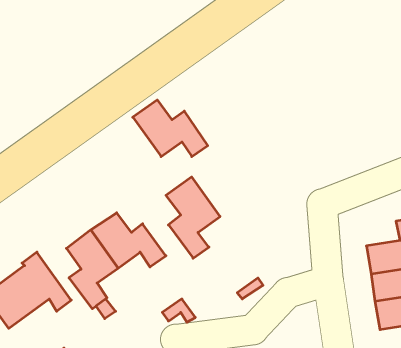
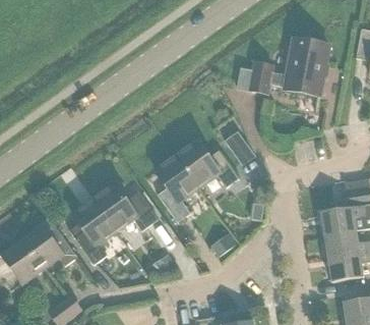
building: none -> [249,38,328,94]
building: [133,100,208,157] -> [176,141,238,187]
building: none -> [223,132,254,167]

